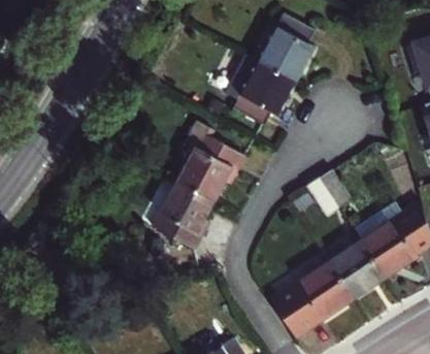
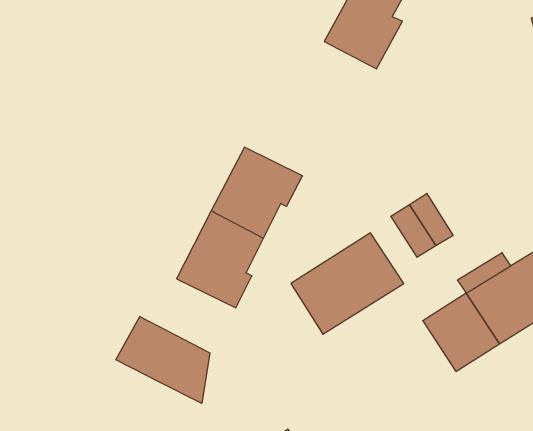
building: [228,55,297,125] -> none
building: none -> [116,316,210,403]
building: [273,260,354,332] -> [291,233,404,334]

